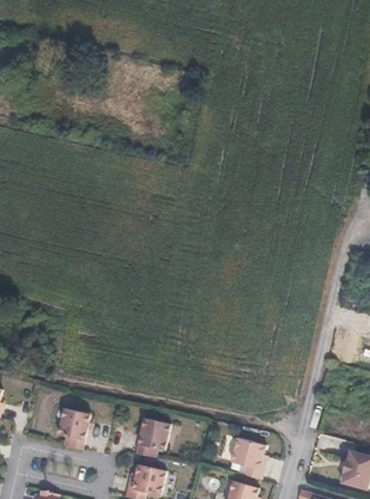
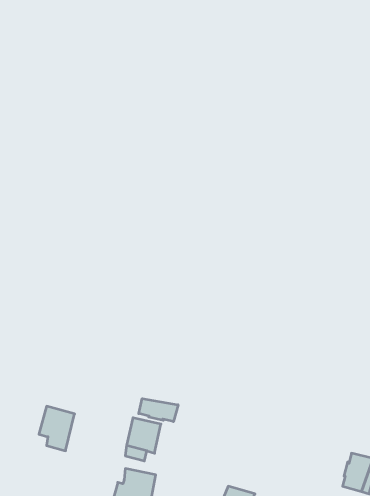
building: none -> [139,399,178,422]
building: [231,438,267,480] -> none

